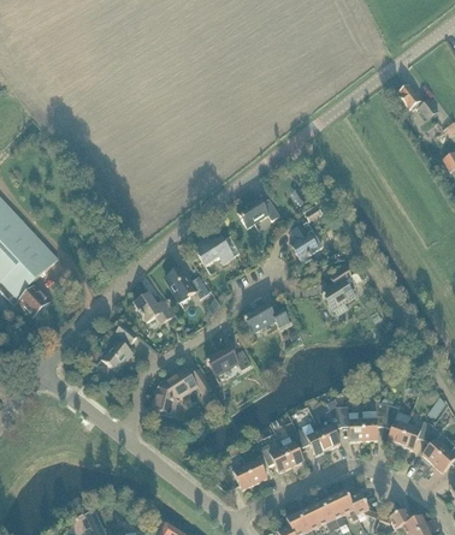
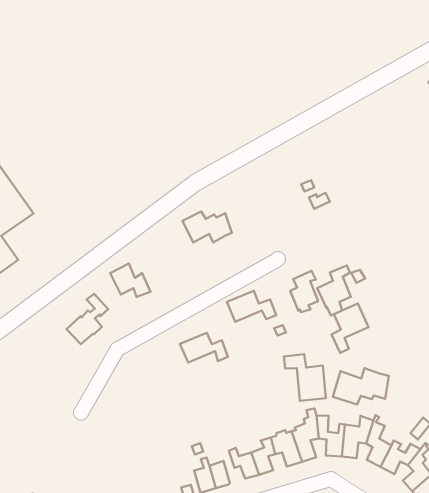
building: [237,198,279,228] -> none
building: [290,224,317,262] -> [290,271,318,312]
building: [165,269,208,302] -> none
building: none -> [331,304,368,353]
building: none -> [284,354,326,401]
building: none -> [333,368,389,405]
building: [152,369,209,414] -> none

